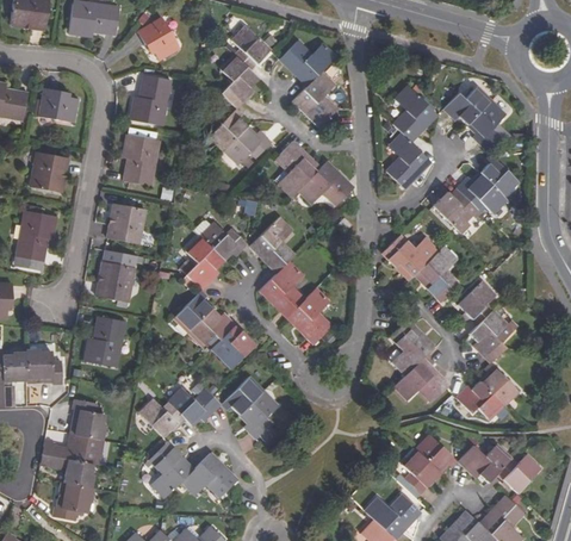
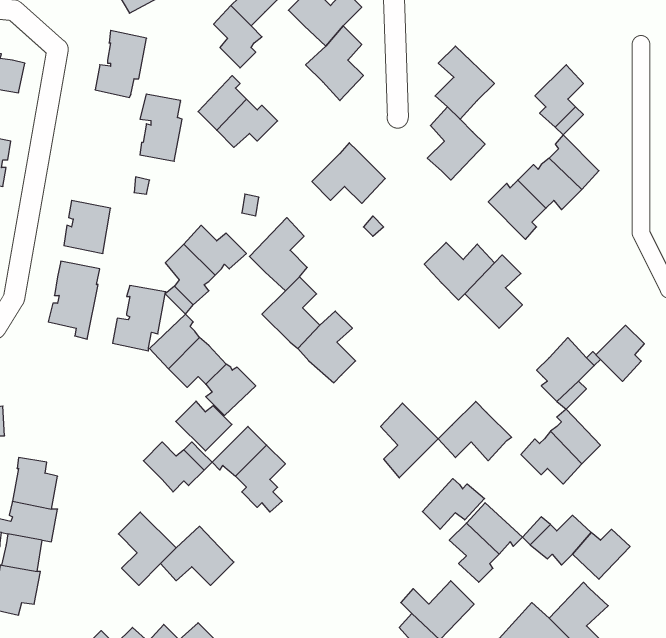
building: [442,85,491,123] -> none
building: [124,135,156,186] -> [140,94,182,161]
building: [274,141,318,195] -> none
building: [458,280,495,323] -> [596,325,644,381]
building: [87,317,128,367] -> [113,286,166,351]
building: [390,317,434,374] -> [381,403,438,478]
building: [139,398,182,436] -> [176,401,232,451]
building: none -> [422,479,485,529]

